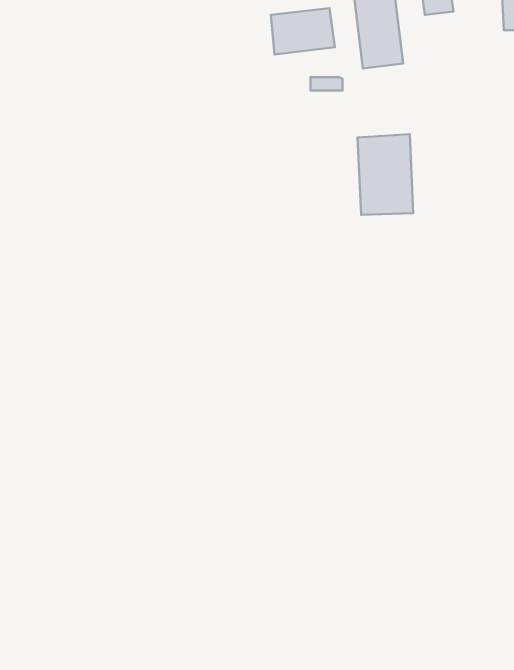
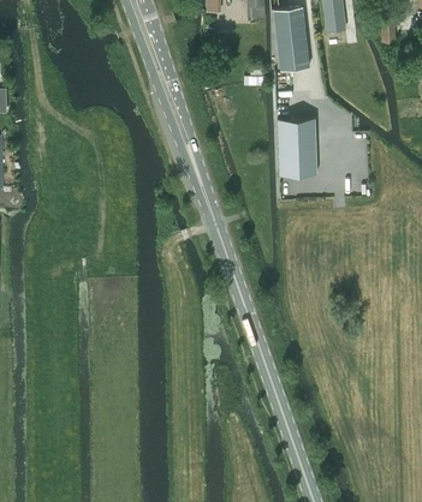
building: [271,8,335,54] -> none

